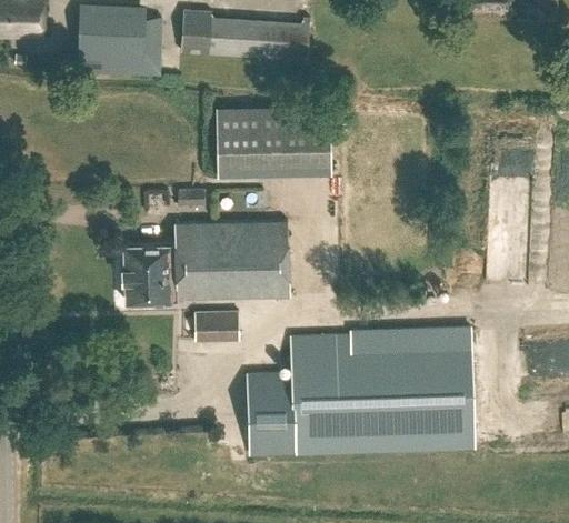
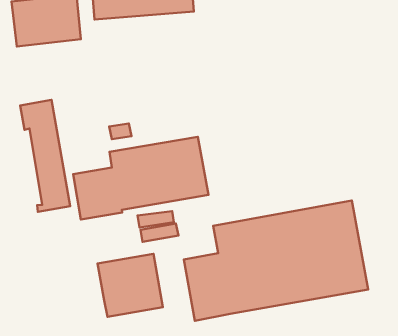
building: [213,105,329,177] -> none
building: none -> [20,100,70,212]
building: none -> [97,254,163,317]

